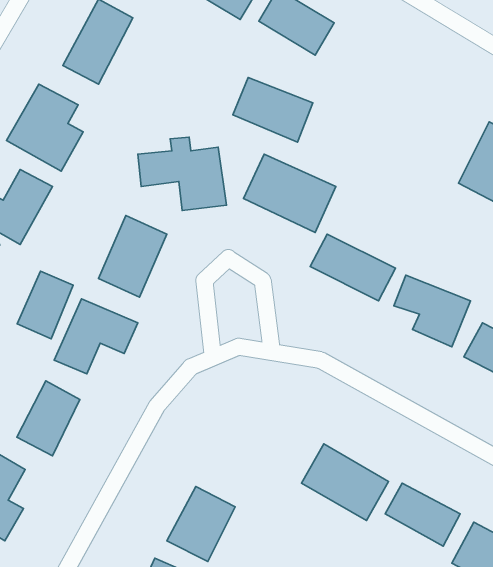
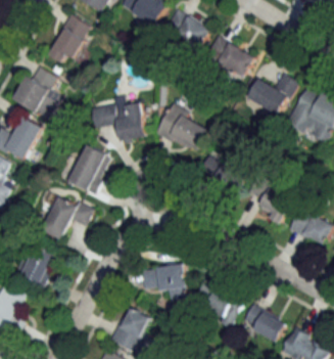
building: [233,77,313,142] -> [206,38,254,77]
building: none -> [247,74,297,117]
building: [17,271,73,339] -> none
building: none -> [141,265,187,301]

